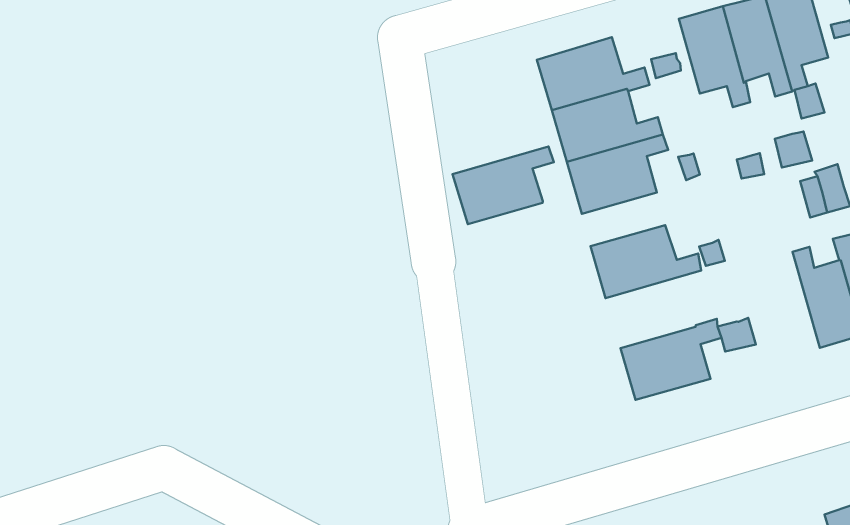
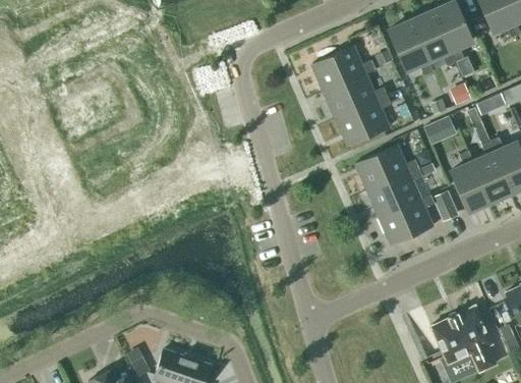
building: [453,147,554,224] -> [367,168,422,217]
building: none -> [422,116,456,145]
building: none -> [449,151,489,212]

